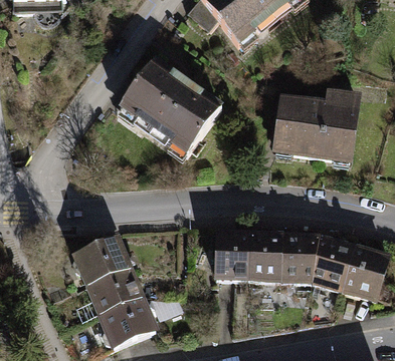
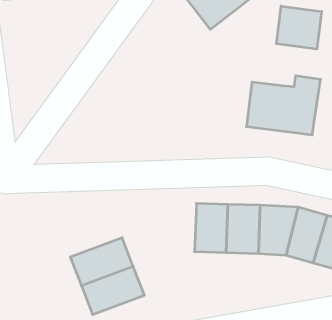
building: none -> [276,6,322,49]
building: [117,55,218,150] -> none
building: [70,236,139,288] -> none

